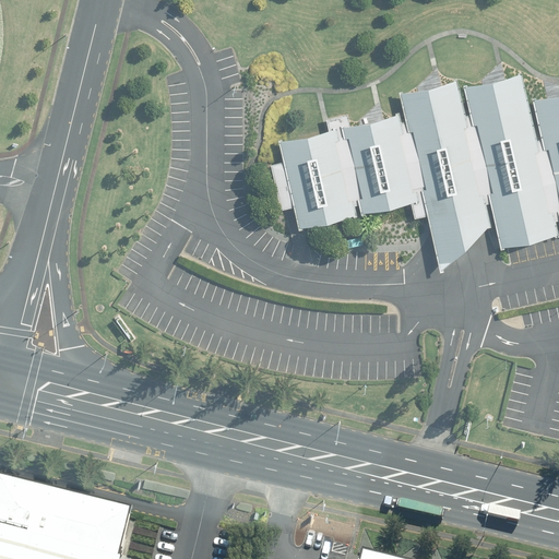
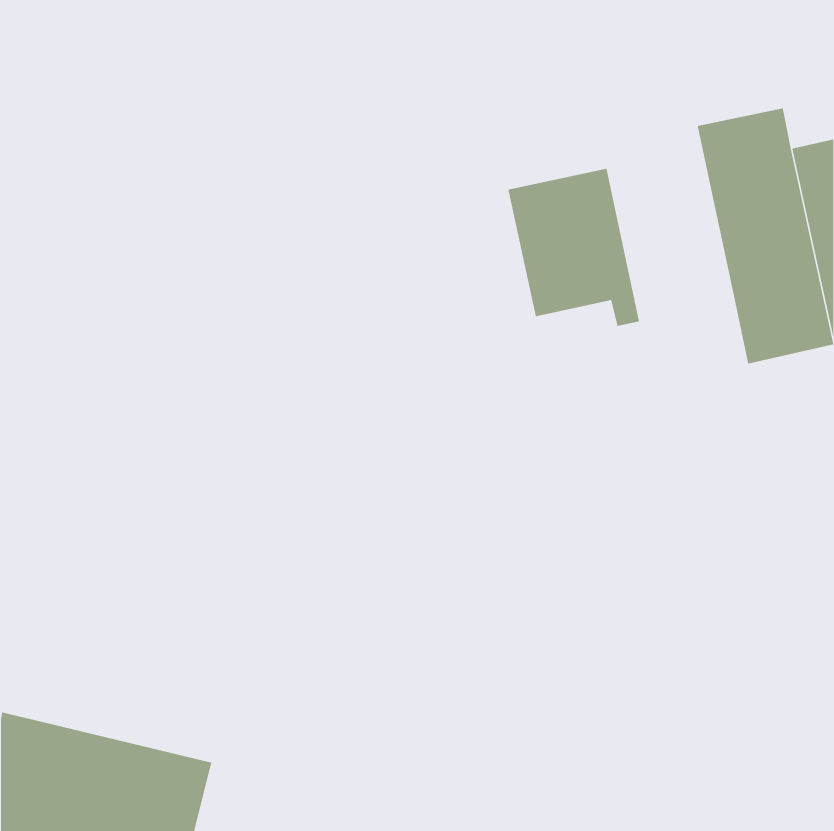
building: [402,82,491,272] -> none
building: [271,129,358,226] -> none

